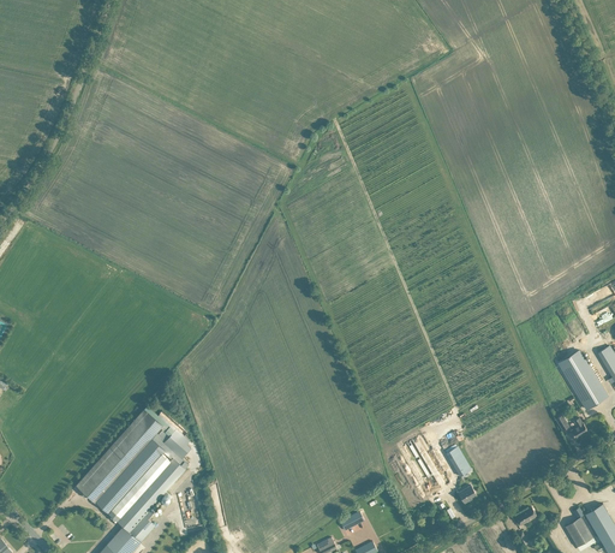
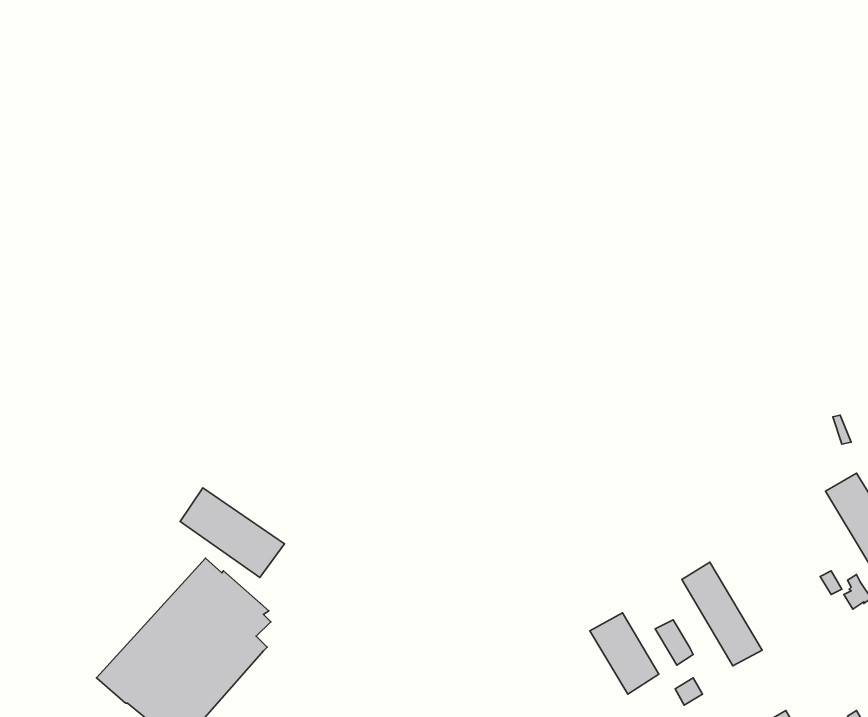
building: none -> [180,488,285,577]
building: none -> [682,562,762,666]

